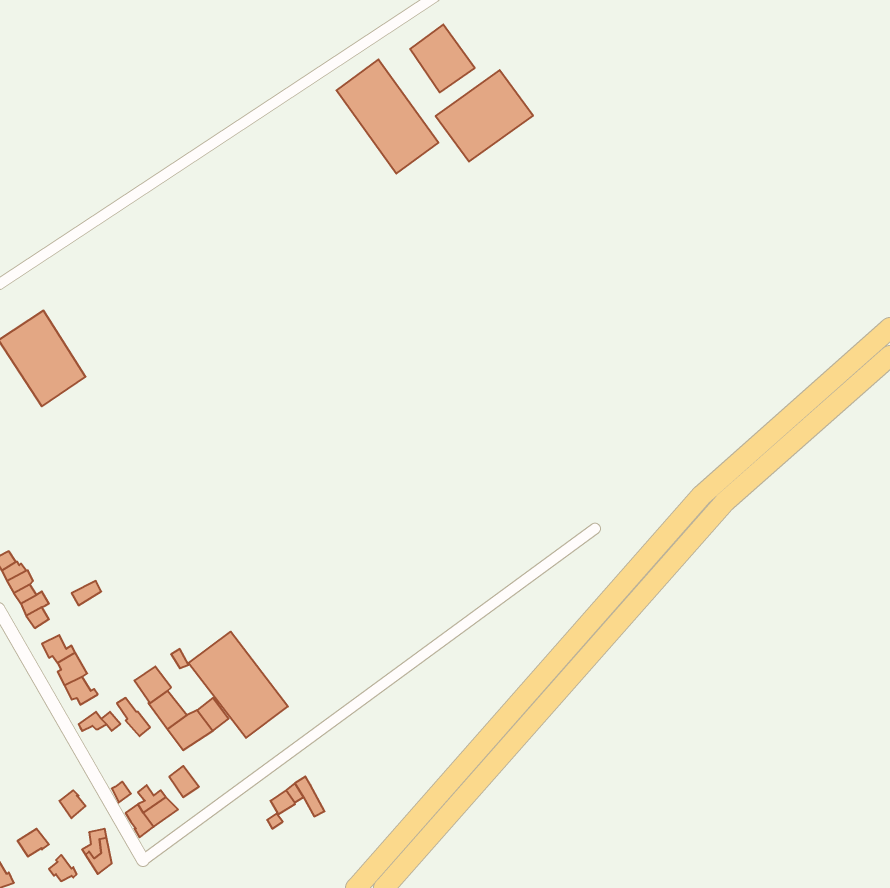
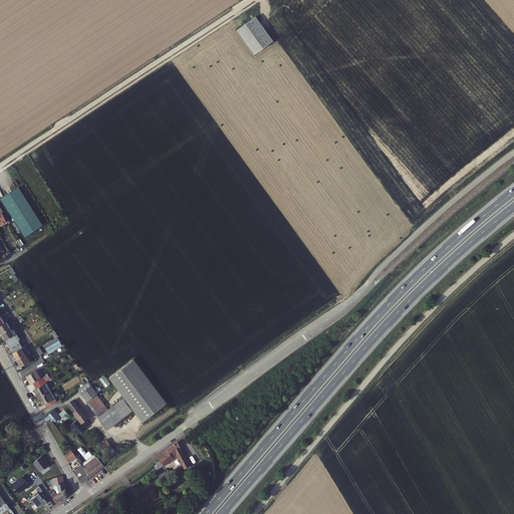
building: [336,59,438,174] -> none
building: [436,70,533,162] -> none

